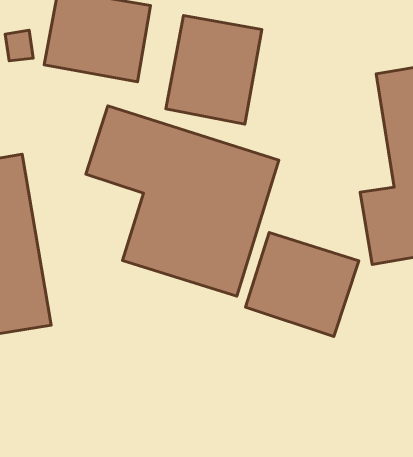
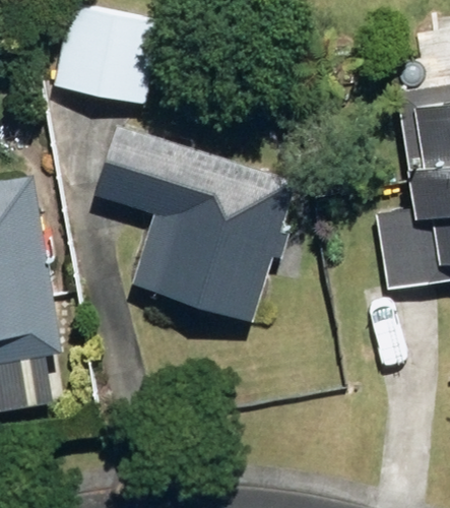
building: [166,16,262,124] -> none
building: [245,232,359,336] -> none

